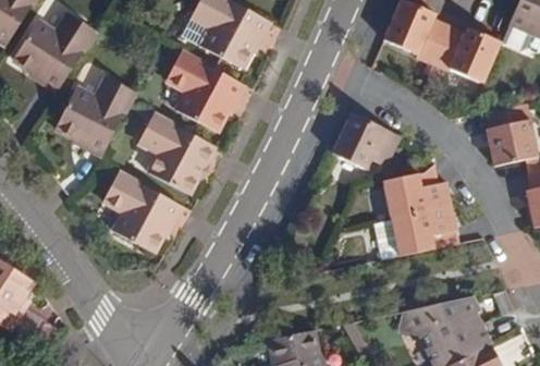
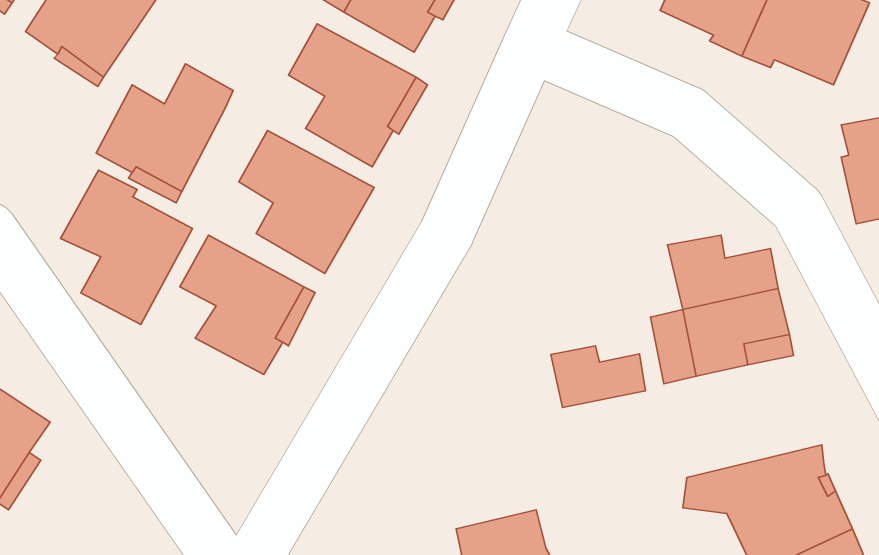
building: [331,111,400,169] -> none
building: none -> [61,170,193,324]
building: none -> [551,346,646,407]

